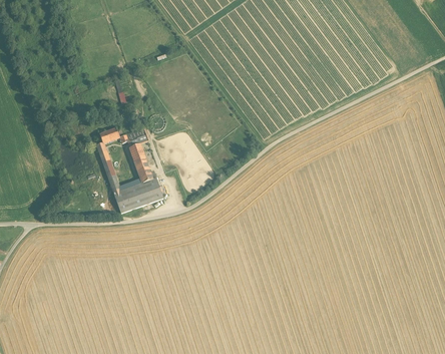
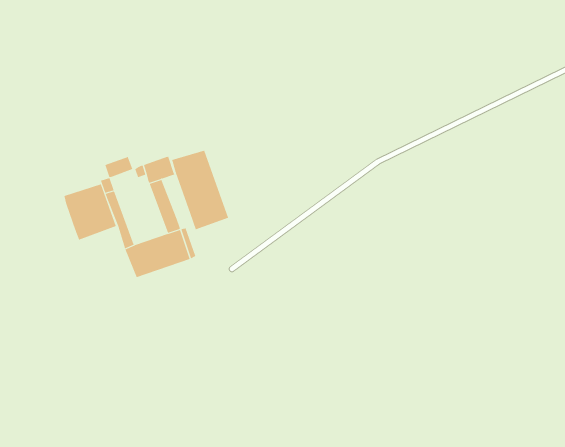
building: none -> [172,150,229,230]
building: none -> [64,184,116,240]

